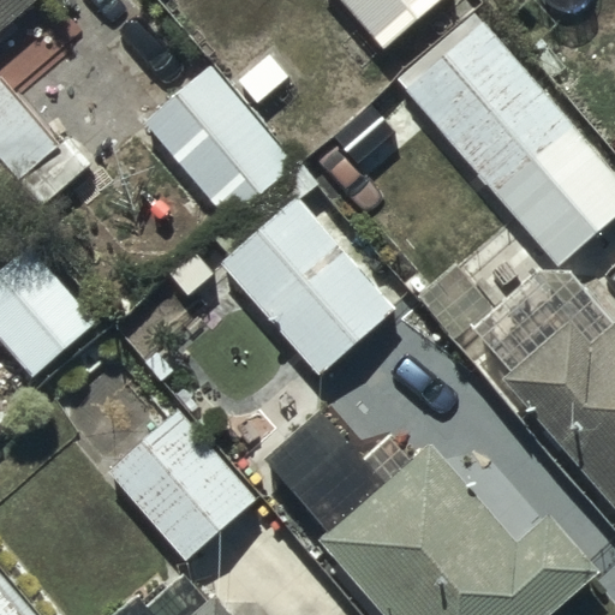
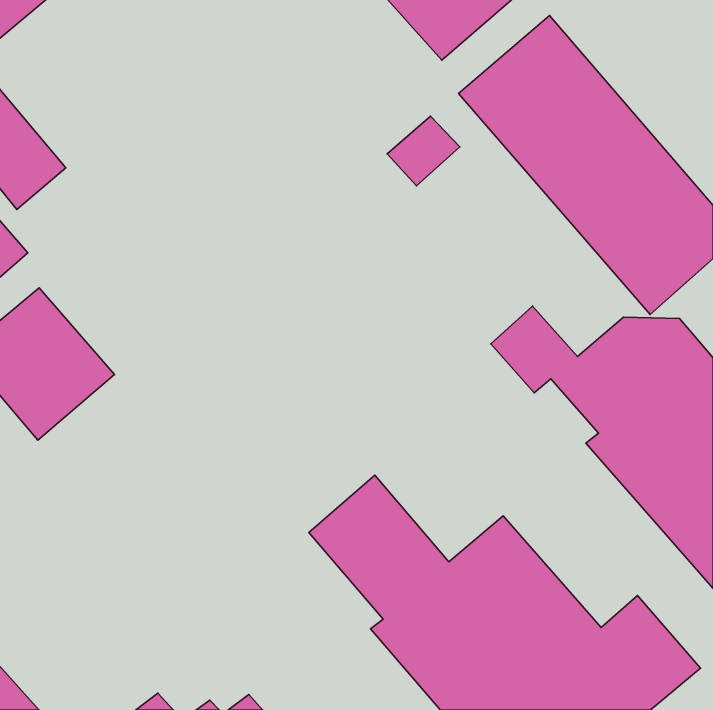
building: [142,58,298,217] -> none
building: [221,197,393,372] -> none
building: [105,410,256,563] -> none

